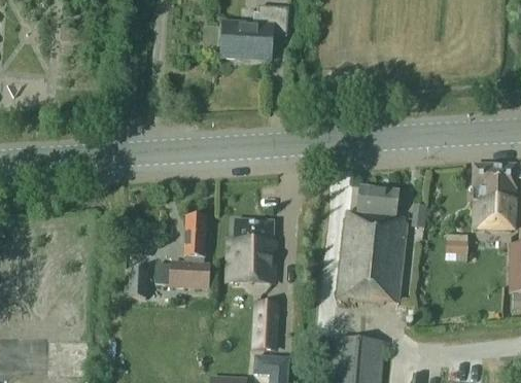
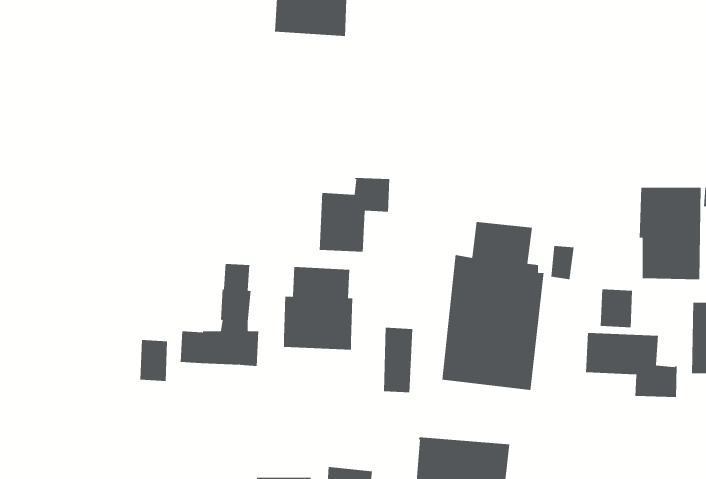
building: none -> [319,177,390,252]
building: none -> [586,332,677,398]
building: [256,301,277,346] -> [383,327,413,393]

